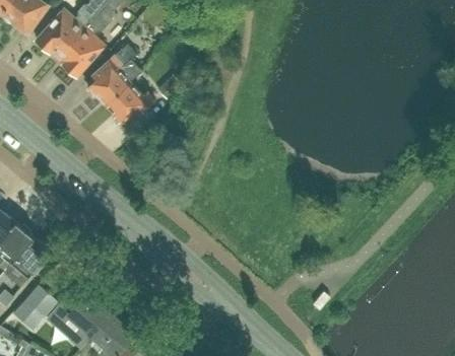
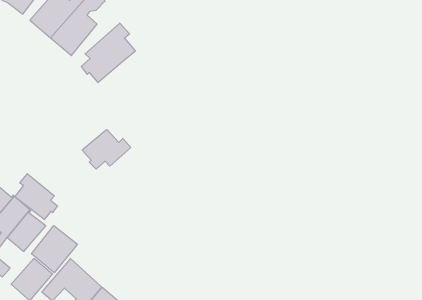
building: [105,83,154,124] -> [82,130,131,169]
building: none -> [15,174,57,220]
building: none -> [32,226,77,273]

